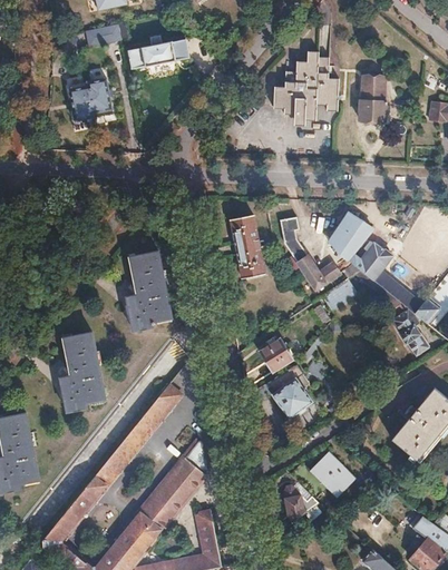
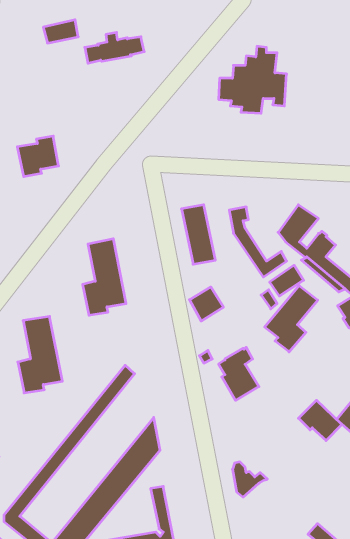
building: [360,76,387,121] -> none
building: [68,77,111,119] -> [17,136,59,177]
building: none -> [265,286,318,352]
building: [260,337,295,373] -> [189,287,223,321]
building: [309,451,354,493] -> [298,400,342,441]

